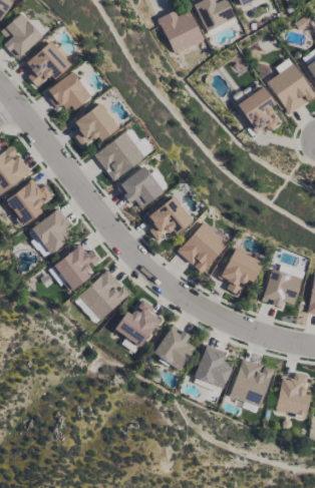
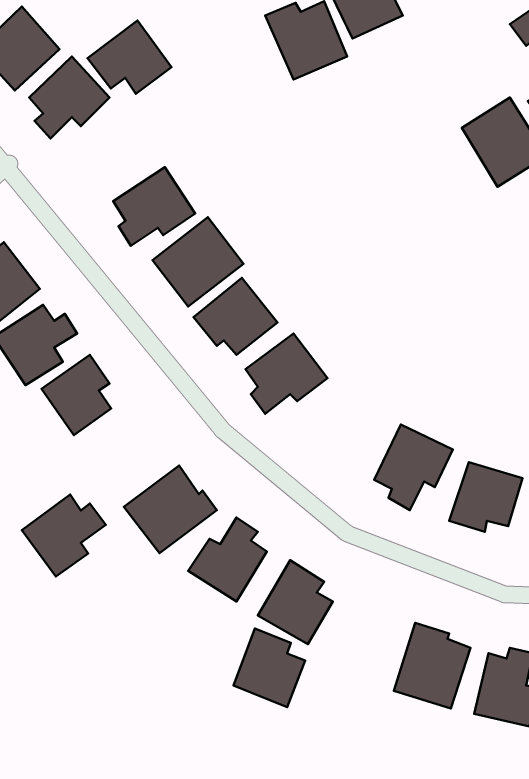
building: [44,71,91,112] -> [87,21,172,94]
building: [238,87,281,133] -> none
building: [178,221,228,274] -> none
building: [53,245,100,291] -> [22,494,106,577]
building: [194,345,234,389] -> [234,628,305,707]

